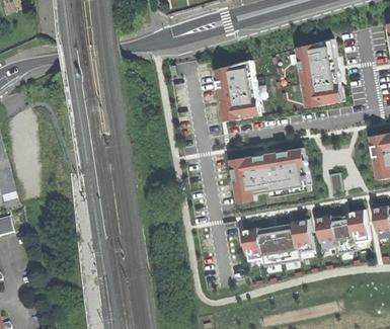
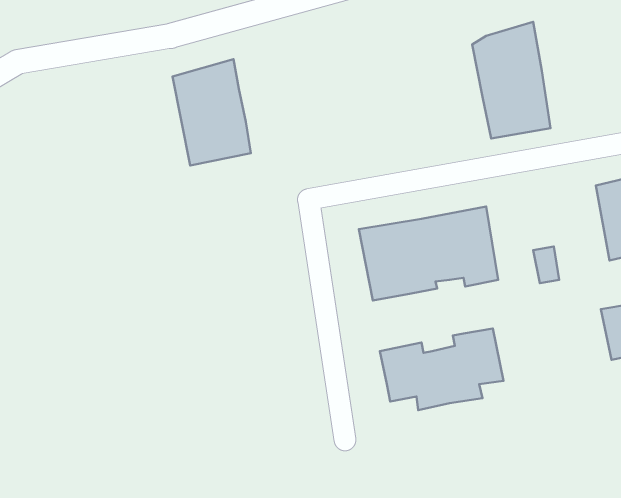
building: [214,61,259,122] -> [173,59,251,165]
building: [315,207,370,250] -> none

